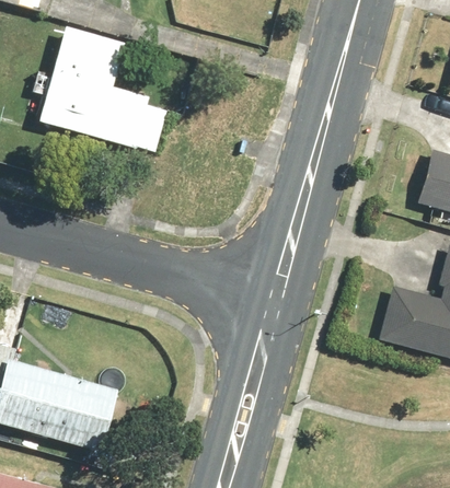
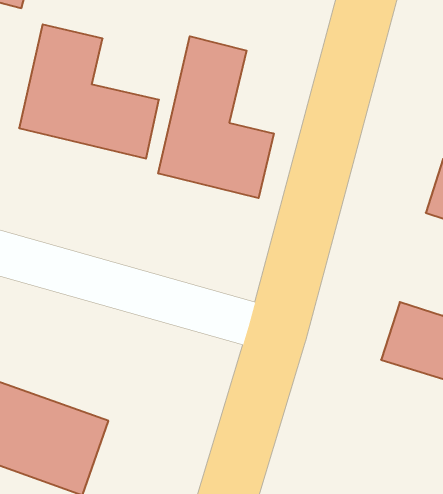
building: none -> [158,36,274,198]

